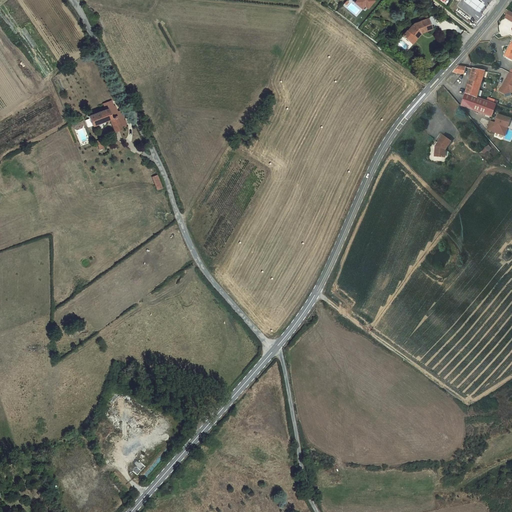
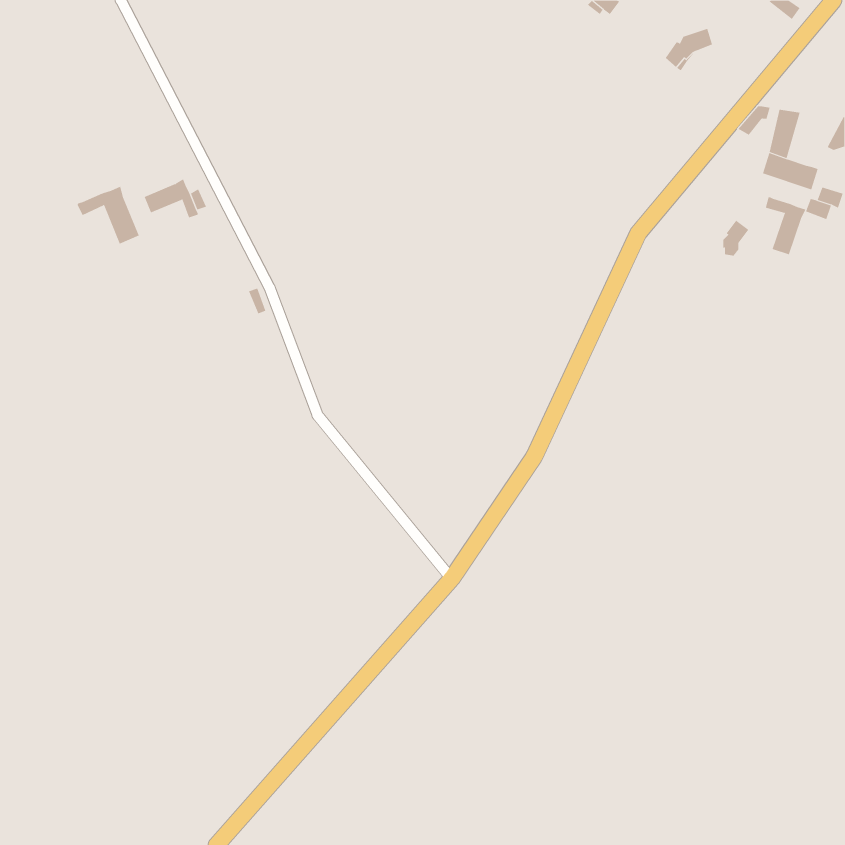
building: none -> [77,186,139,244]
building: none -> [765,197,806,255]

